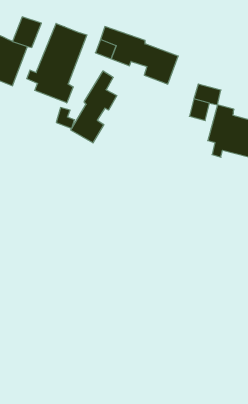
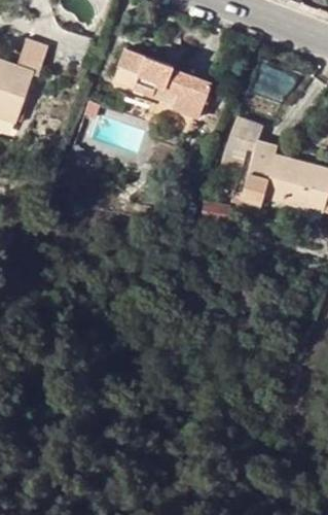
building: [27,23,87,103] -> none
building: [71,71,117,143] -> none

